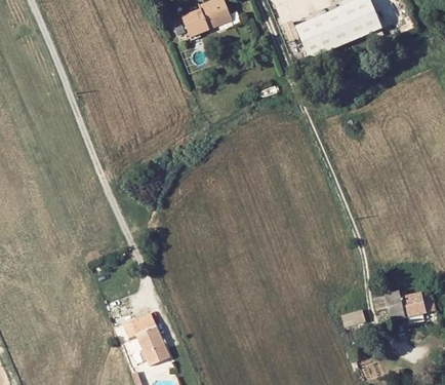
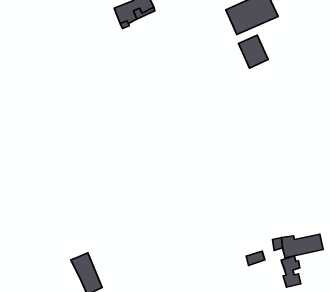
building: [294,17,330,57] -> [239,35,268,68]
building: none -> [281,256,301,287]

